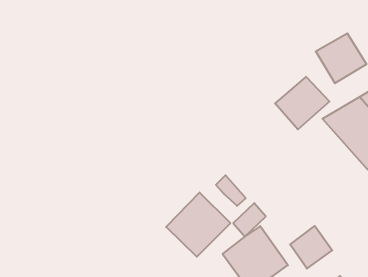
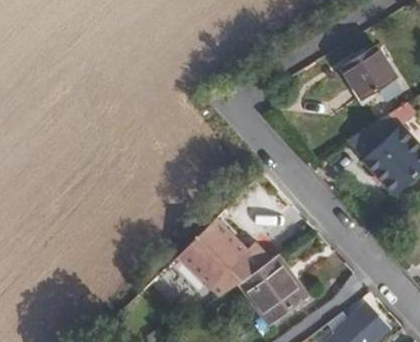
building: [275,77,329,129] -> none
building: [290,226,332,269] -> none

